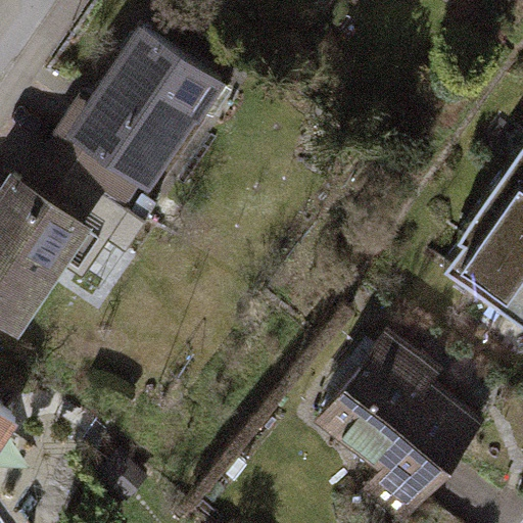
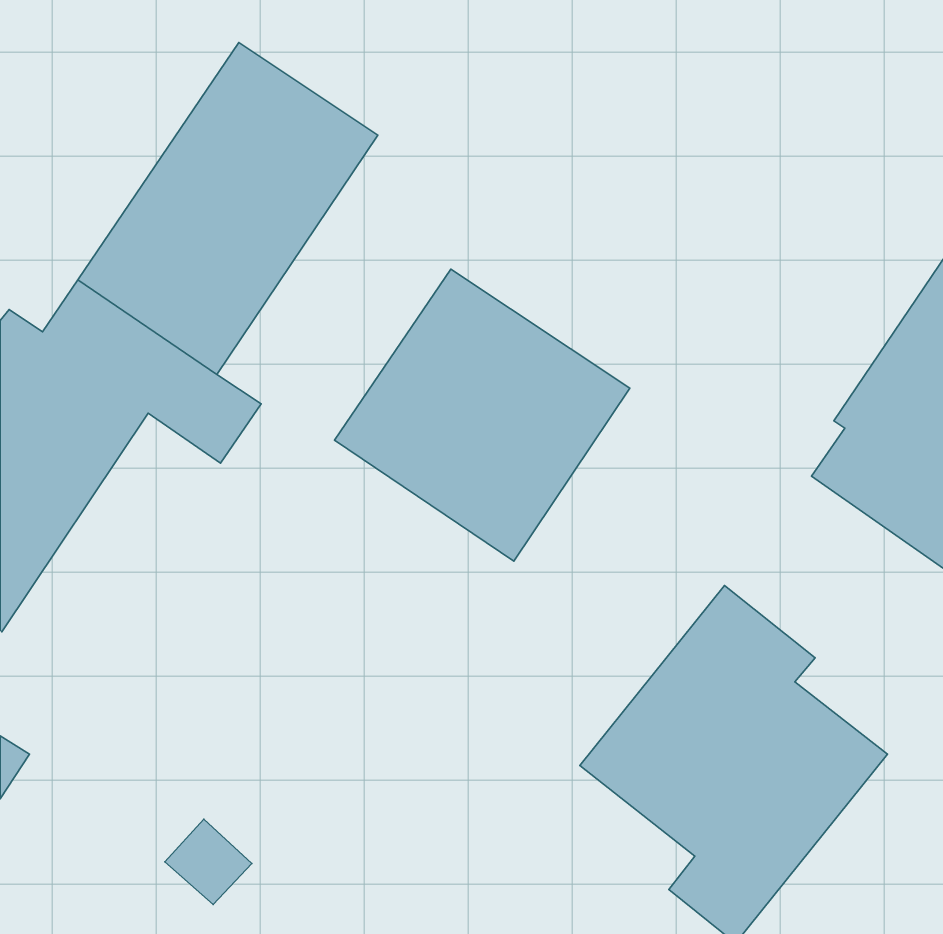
building: none -> [335,269,630,561]

